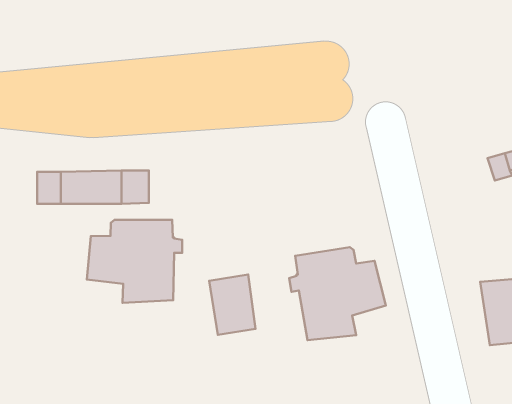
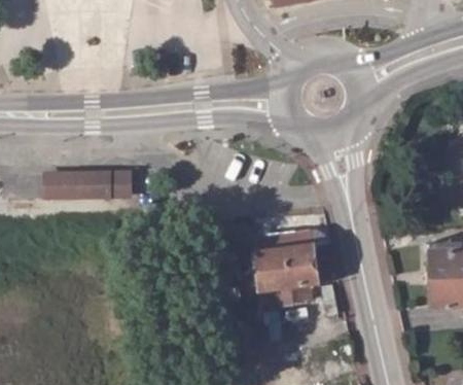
building: [87,220,182,303] -> none
building: [209,275,255,335] -> none

